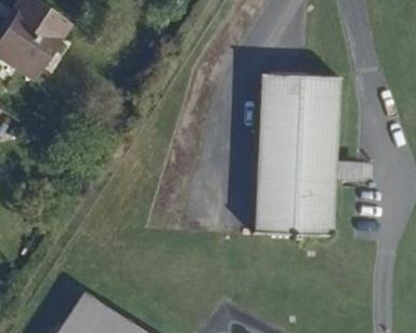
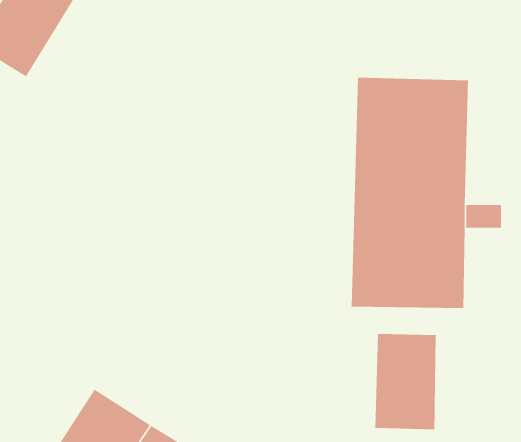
building: none -> [375,333,436,430]

